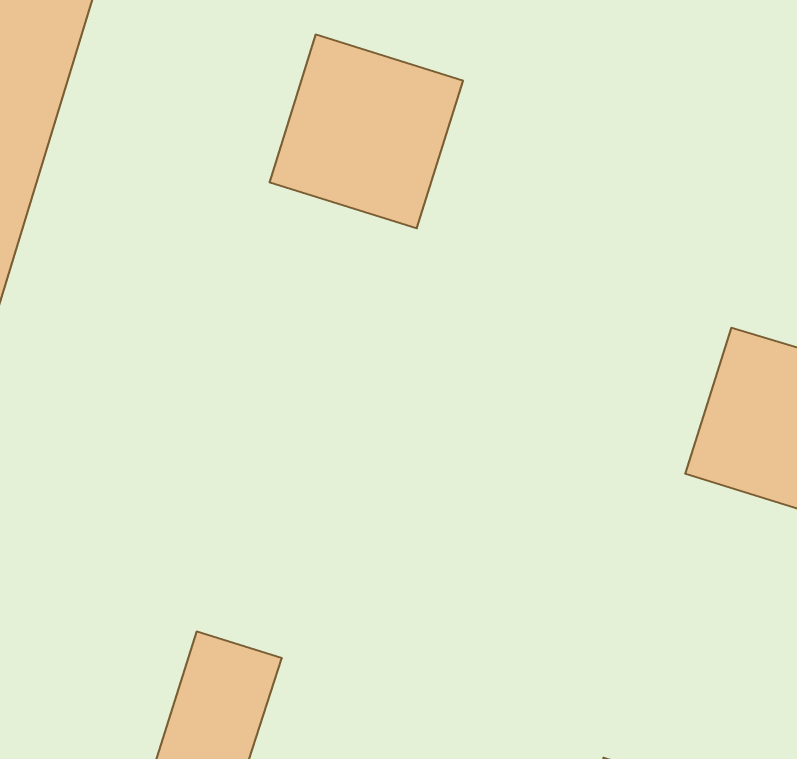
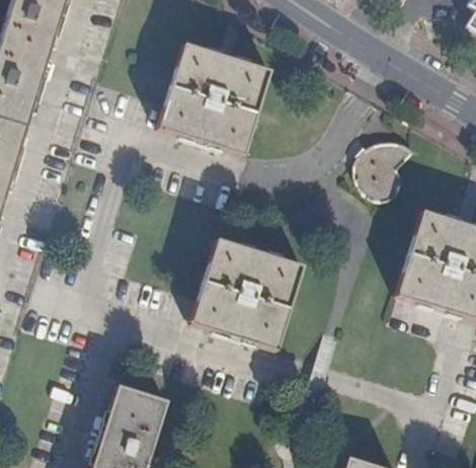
building: none -> [358,142,414,200]
building: none -> [191,237,303,348]

